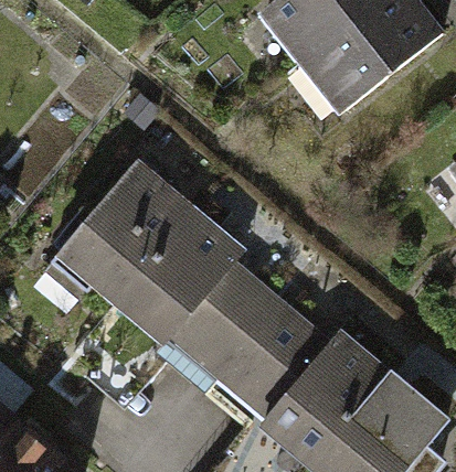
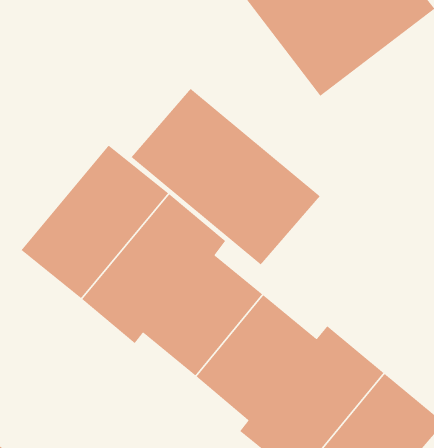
building: none -> [131,88,321,266]

